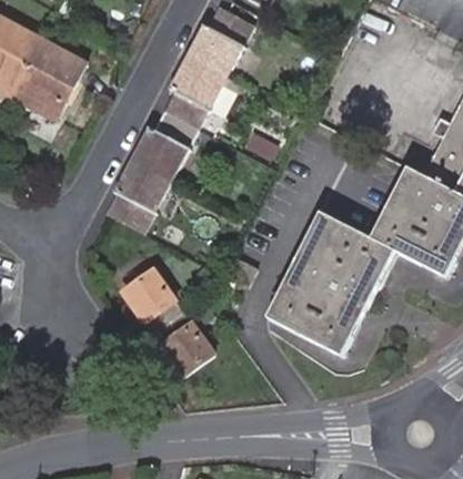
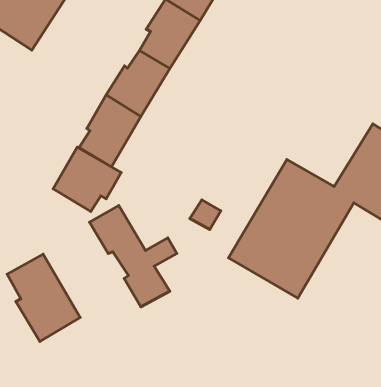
building: none -> [53,147,121,211]
building: none -> [7,254,80,341]

